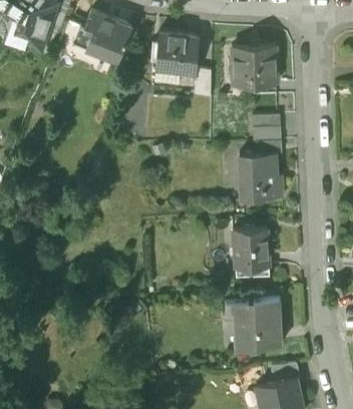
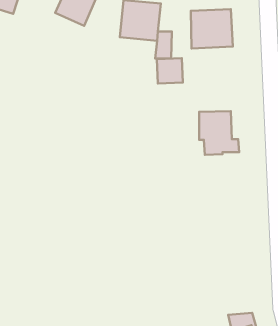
building: [251,115,279,142] -> [157,58,183,83]
building: [233,232,268,282] -> none
building: [227,305,282,356] -> none

